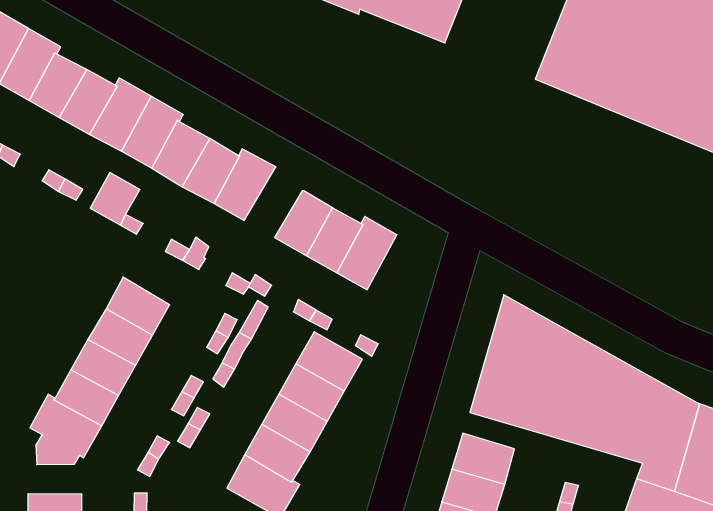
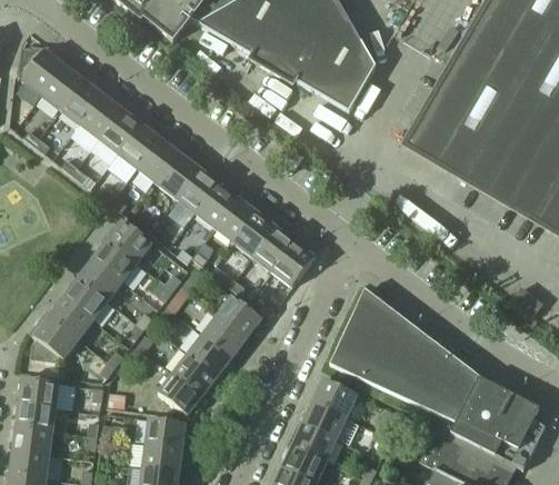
building: none -> [196,179,242,227]
building: none -> [272,237,318,287]
building: none -> [108,219,152,263]

